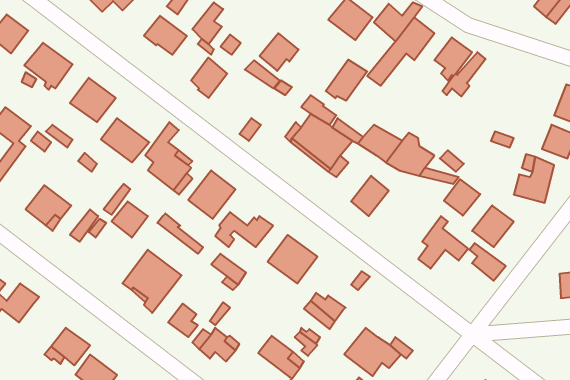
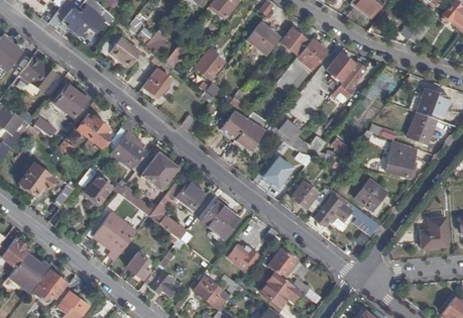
building: [326,60,367,101] -> none
building: [444,179,480,216] -> [292,181,319,208]
building: none -> [269,248,298,278]
building: none -> [11,252,46,289]

